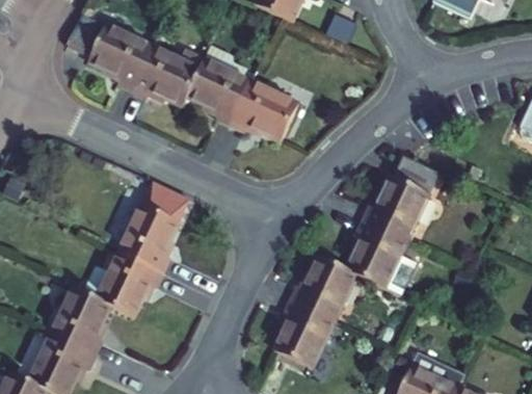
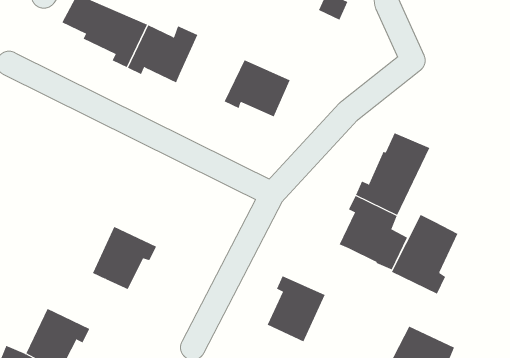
building: [186,45,250,125] -> none
building: [118,181,189,271] -> none
building: none -> [391,214,458,295]
building: [289,256,355,320] -> none
building: [51,287,110,354] -> none

